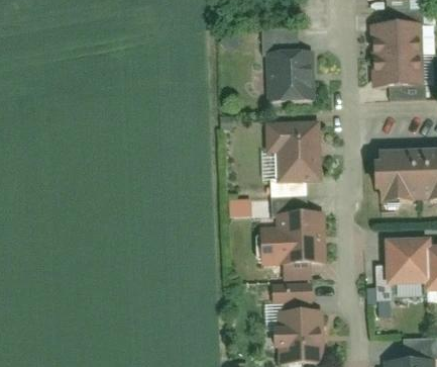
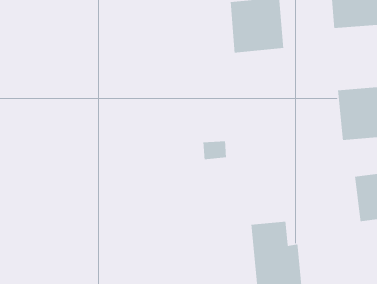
building: [264,119,322,180] -> none
building: [257,208,327,267] -> none

